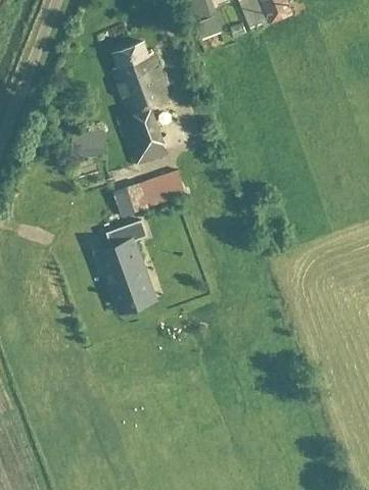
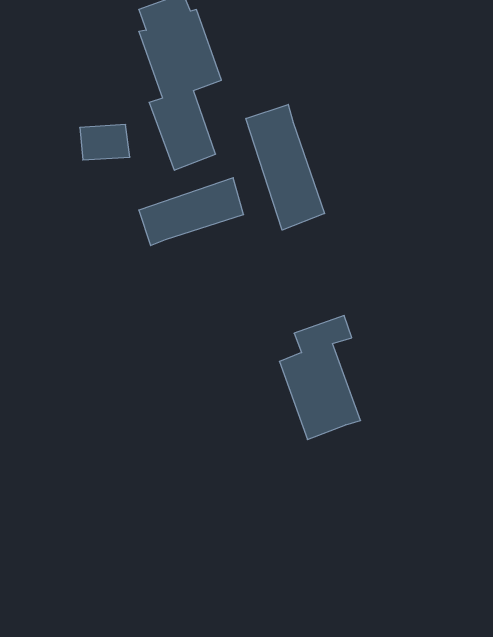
building: none -> [246,104,325,230]
building: [97,219,153,305] -> [279,316,361,440]

